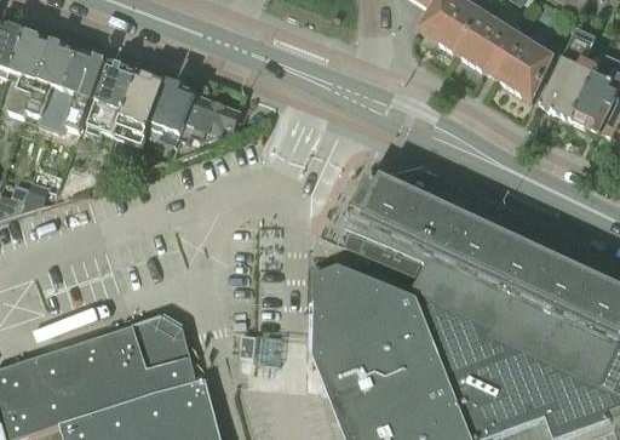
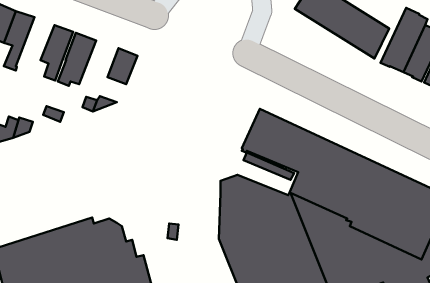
building: [25,40,80,115] -> none
building: [117,73,166,145] -> none
building: [180,95,236,147] -> none

